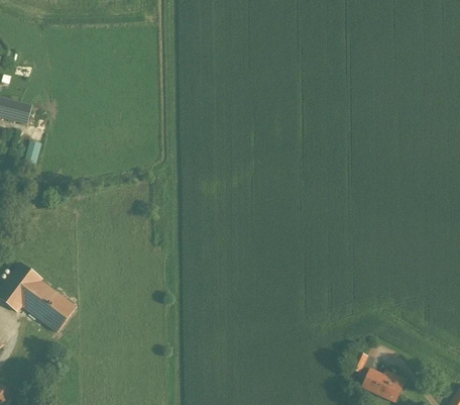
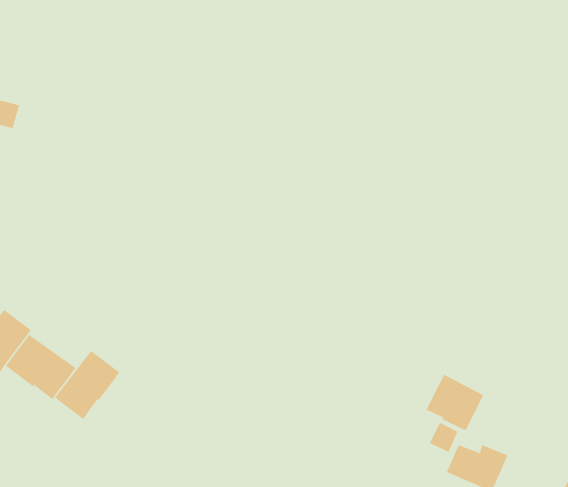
building: none -> [54,350,120,420]
building: none -> [426,374,484,431]

